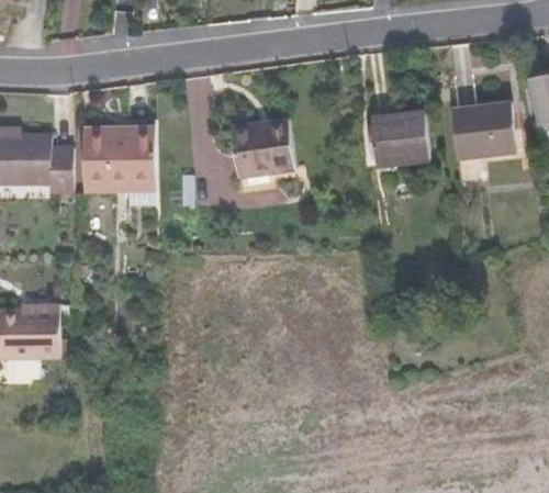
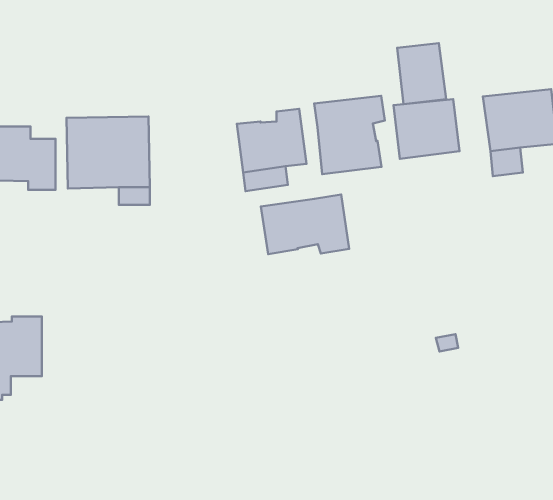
building: none -> [397,43,446,104]
building: none -> [314,96,385,174]
building: none -> [261,195,349,254]

